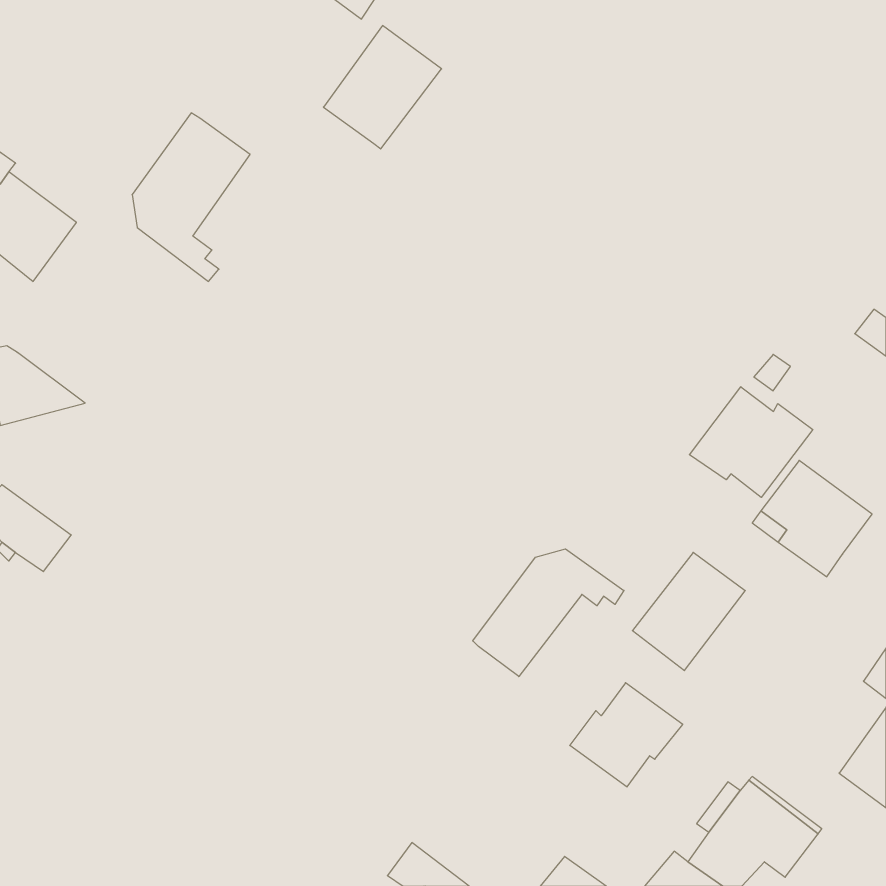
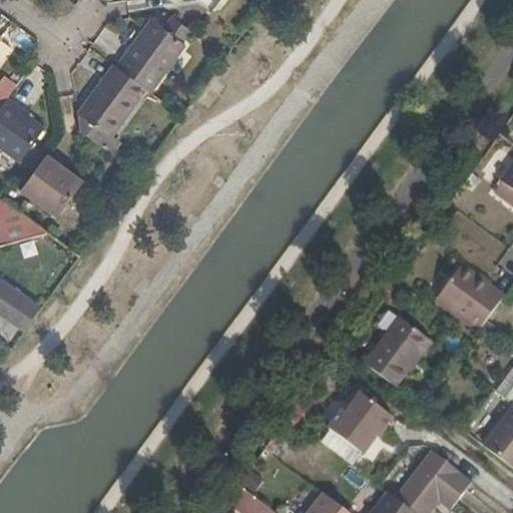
building: [323,26,442,149] -> [115,21,183,92]
building: none -> [20,154,82,215]
building: [689,387,813,497] -> none
building: [473,549,624,677] -> none

